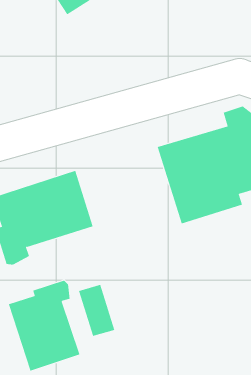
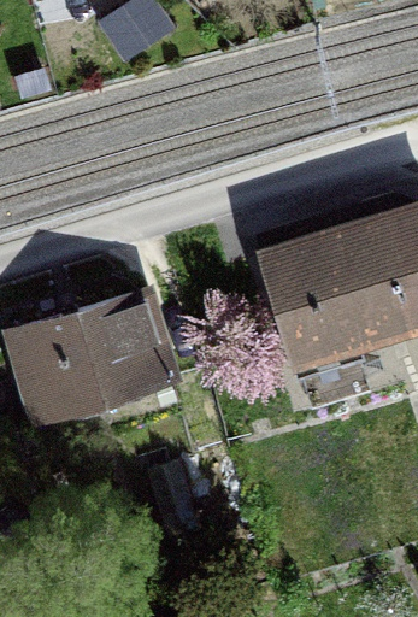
building: [8,280,80,371] -> none

